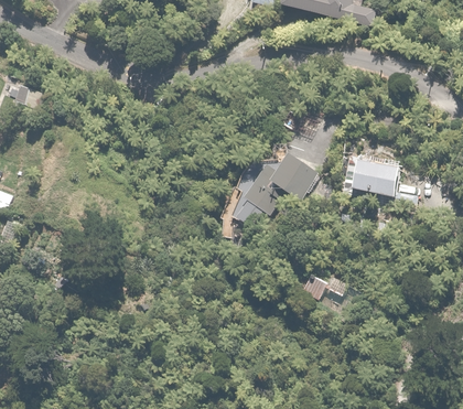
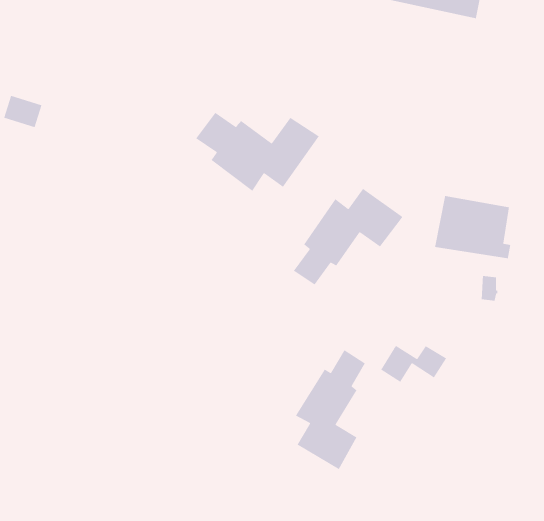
building: none -> [195,112,320,192]
building: none -> [295,349,366,470]

